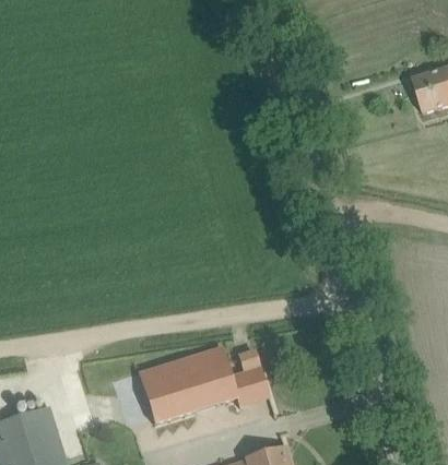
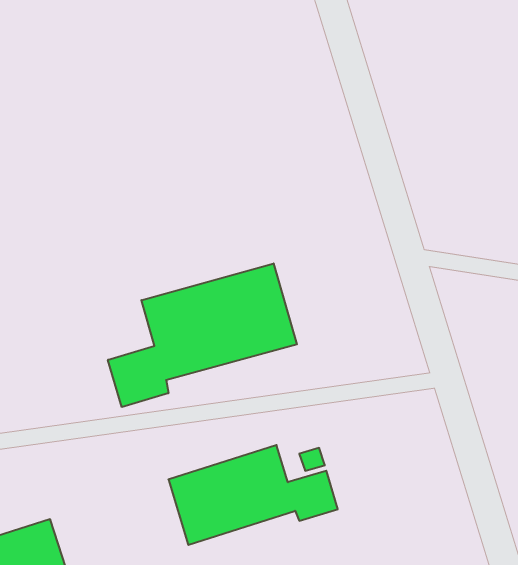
building: none -> [108,263,297,407]

